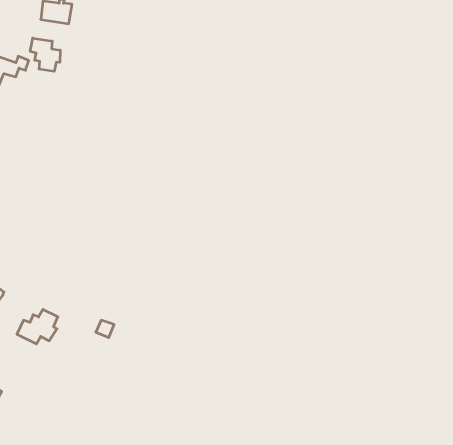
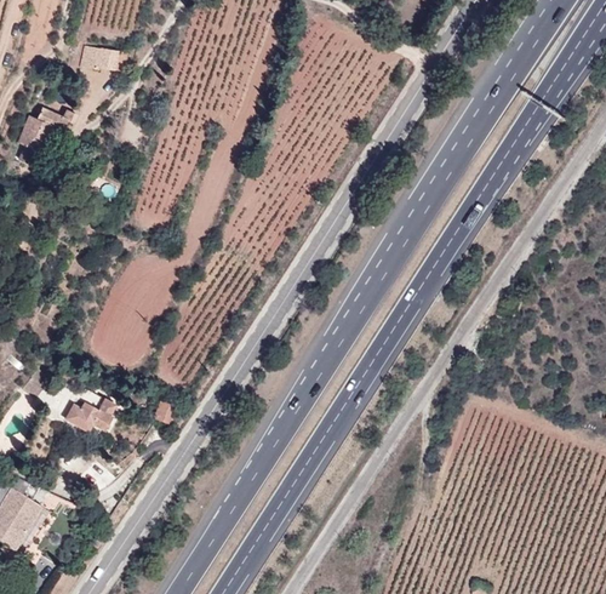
building: [30,38,60,71] -> none

